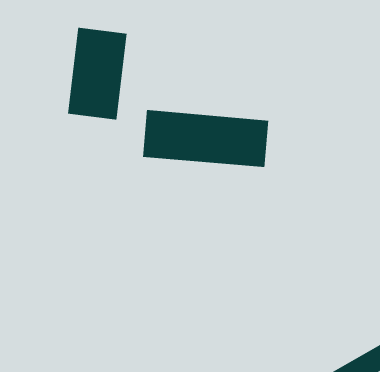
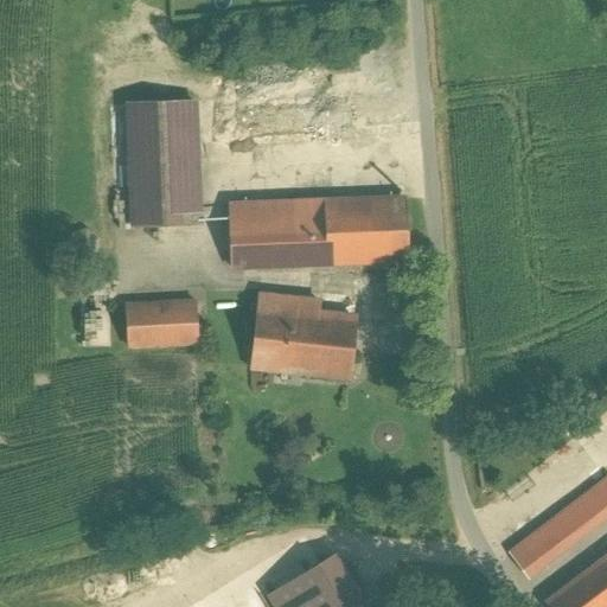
building: none -> [132,299,200,345]
building: none -> [253,302,366,377]

